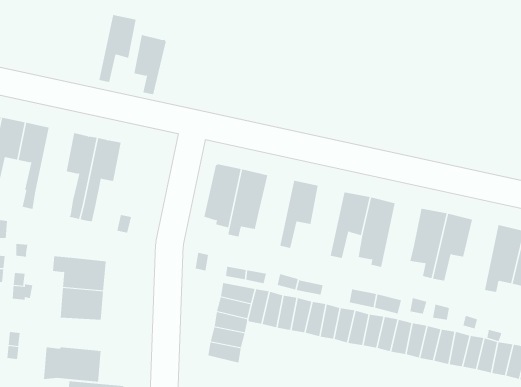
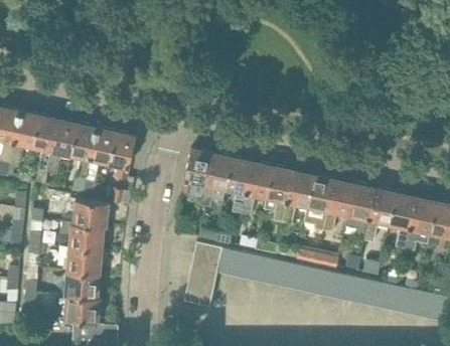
building: [99,15,137,83] -> [47,121,78,175]
building: [134,34,166,95] -> [110,133,136,181]
building: none -> [226,159,253,215]
building: none -> [264,167,293,223]
building: none -> [323,181,354,234]
building: none -> [389,194,416,250]
building: none -> [64,200,109,228]
building: none -> [64,273,100,299]

